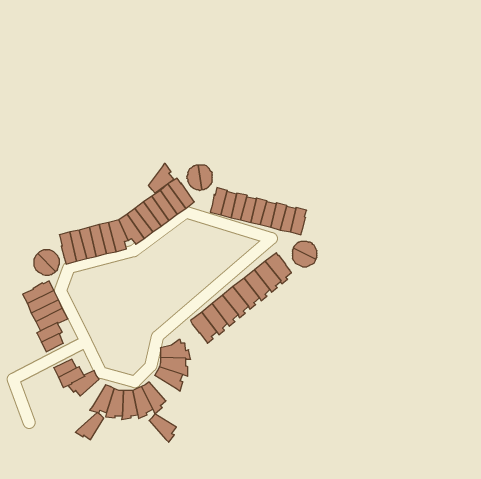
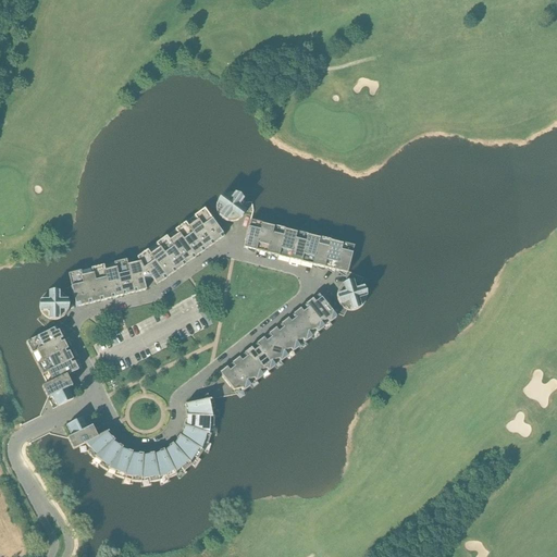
building: [149,163,174,193] -> none
building: [75,412,104,440] -> [90,437,123,469]
building: [149,414,176,442] -> [173,433,205,466]

